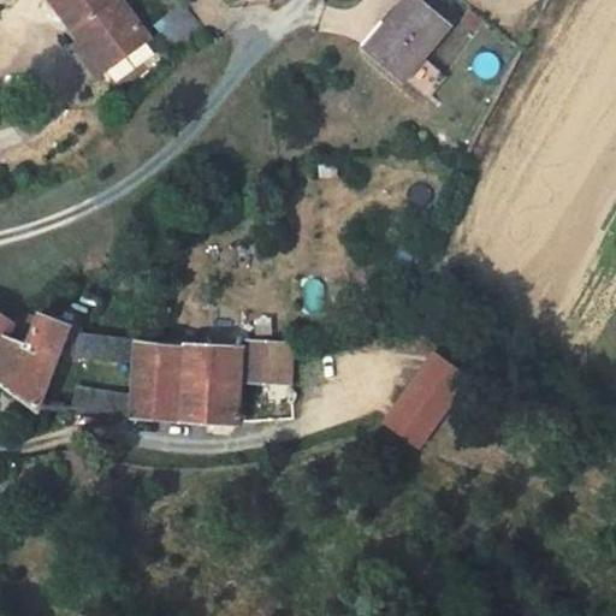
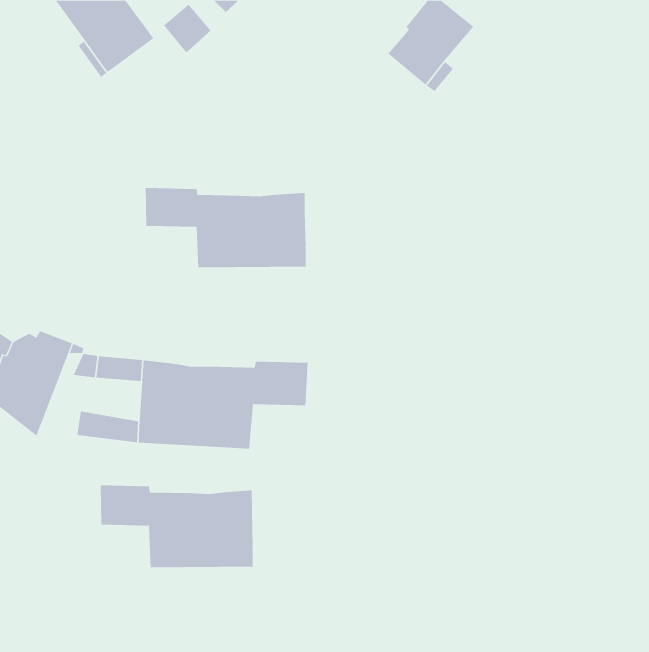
building: none -> [145,187,306,268]
building: [383,351,469,448] -> none
building: none -> [100,485,253,568]

